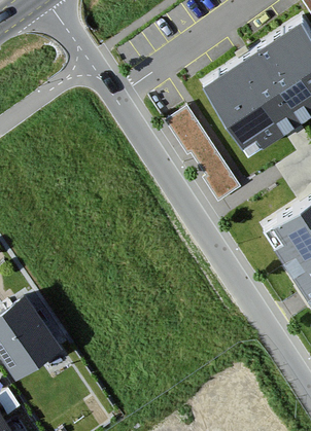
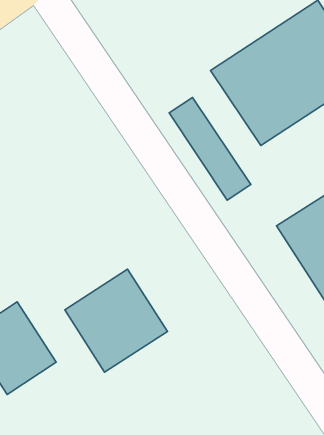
building: none -> [65,269,167,372]

